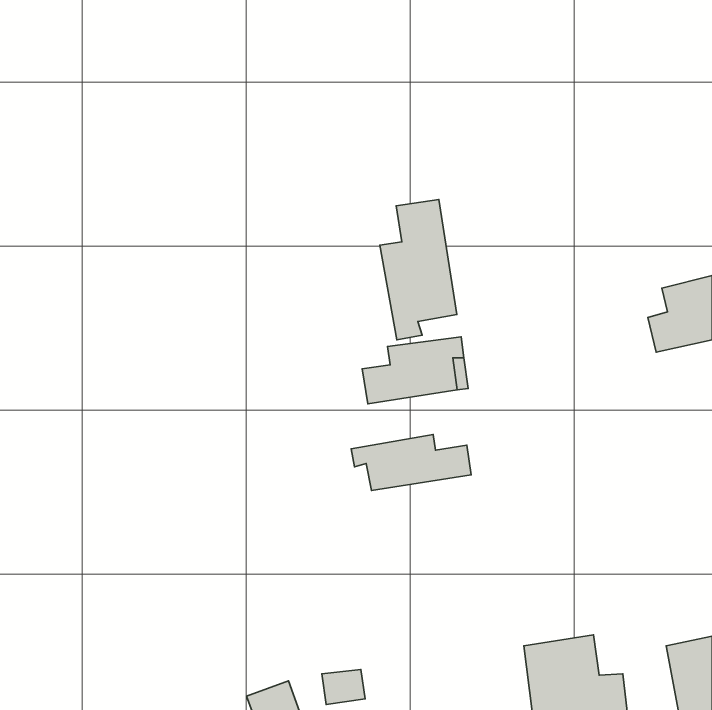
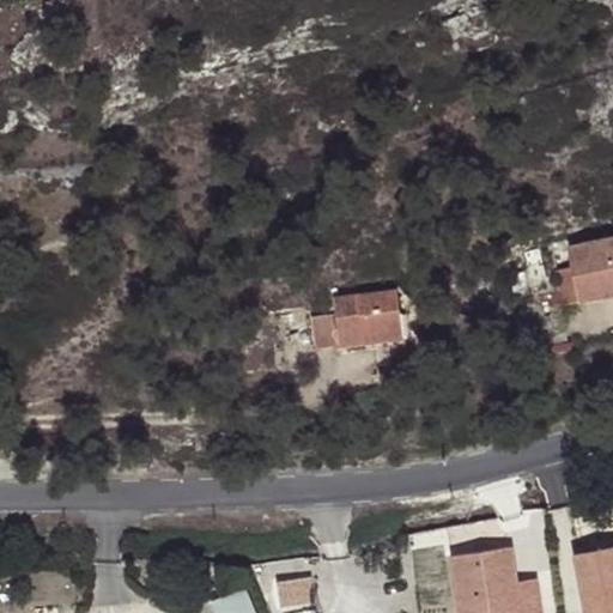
building: [380,199,457,340] -> none
building: [351,435,471,491] -> none

